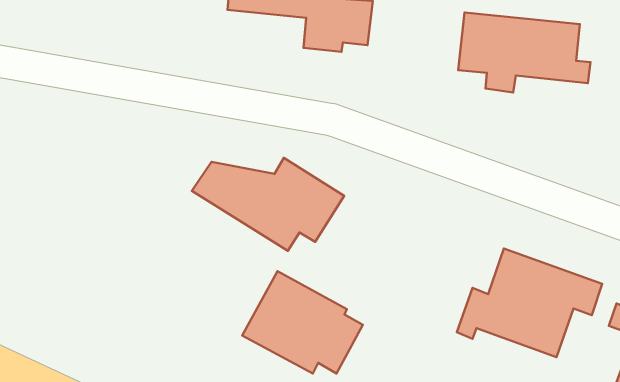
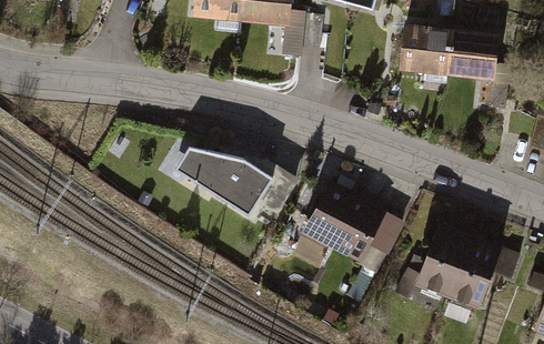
building: [242,271,363,373] -> [300,176,402,263]

